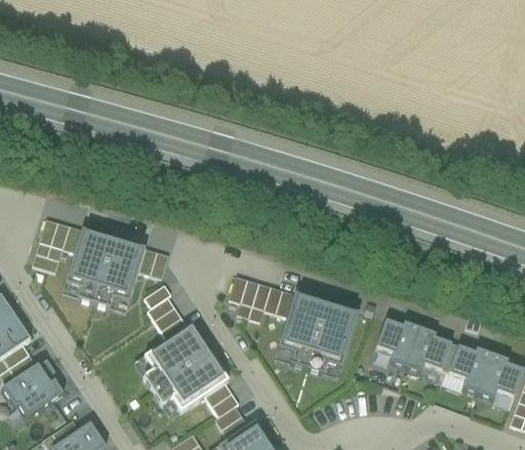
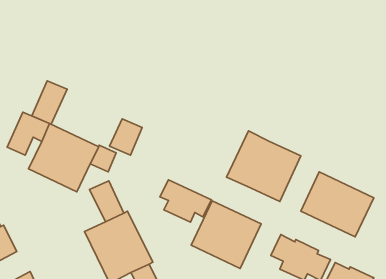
building: none -> [32,81,67,124]
building: none -> [227,131,301,202]
building: none -> [110,119,142,155]
building: none -> [301,172,374,237]

